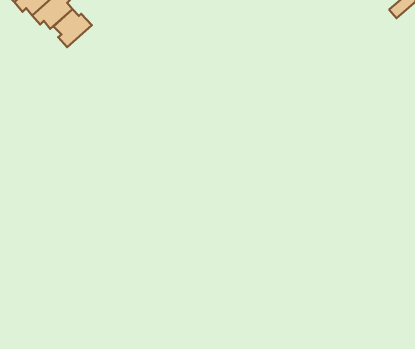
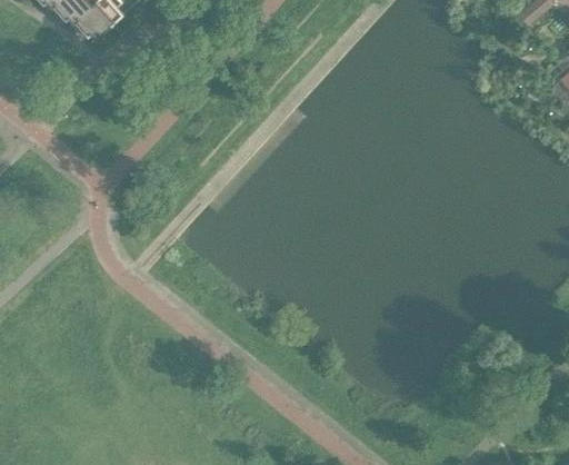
building: [54,9,92,47] -> none

